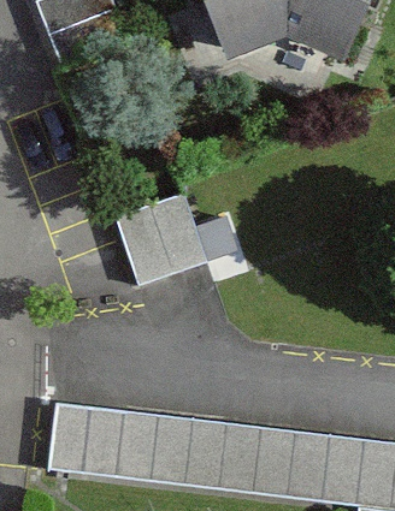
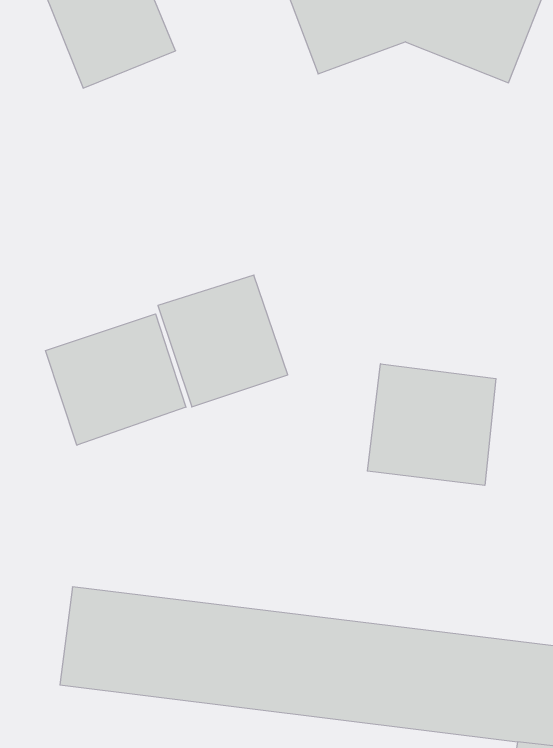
building: none -> [45,314,186,445]
building: none -> [367,364,496,485]

